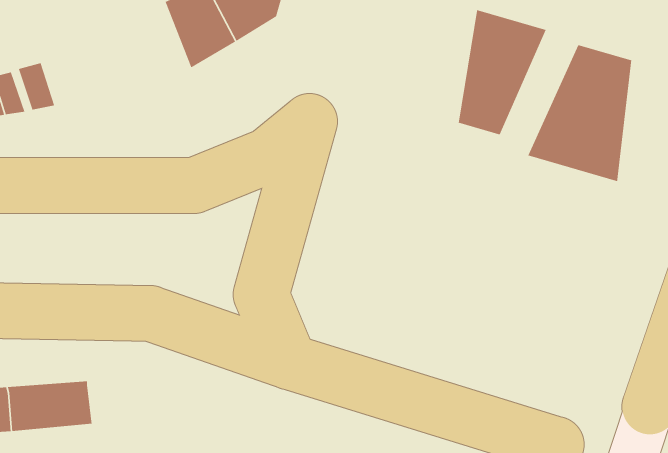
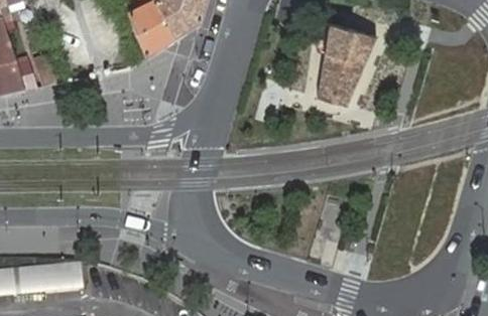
building: [527,44,632,182] -> none

